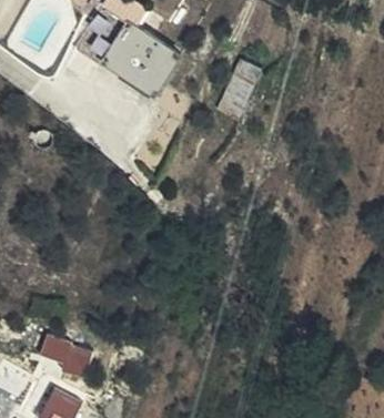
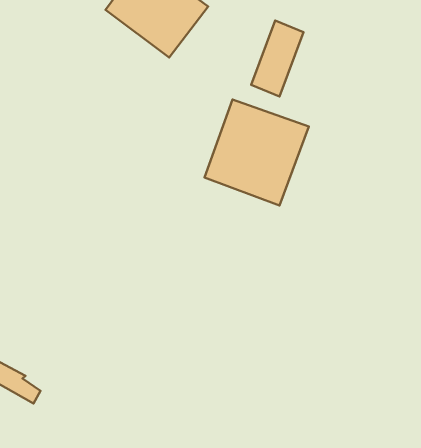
building: none -> [205,99,309,206]

